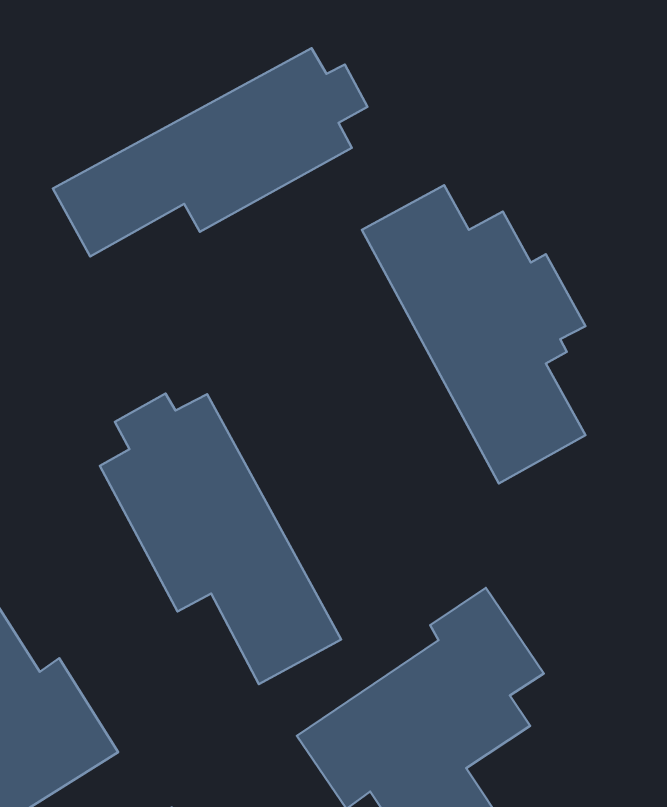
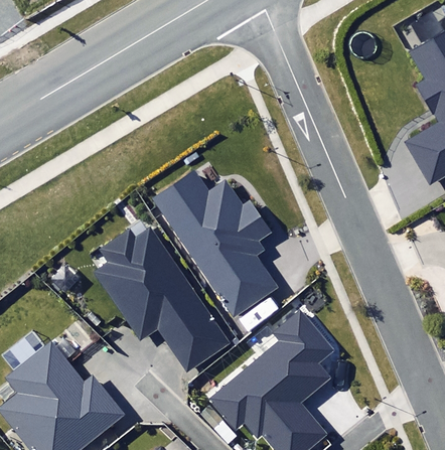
building: [53,48,368,257] -> none
building: [362,185,586,483] -> [153,171,278,319]

